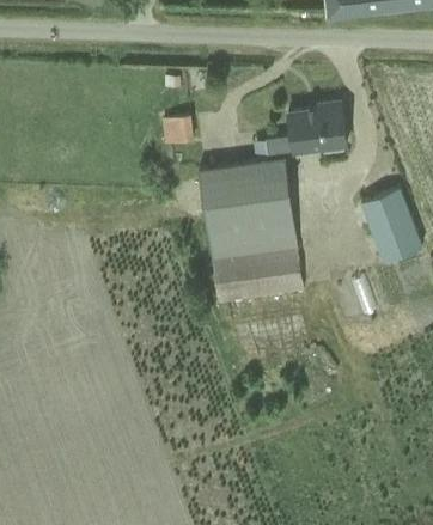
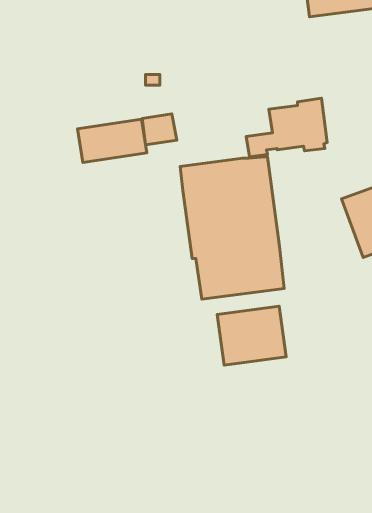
building: none -> [77,119,147,163]
building: none -> [217,306,286,365]

